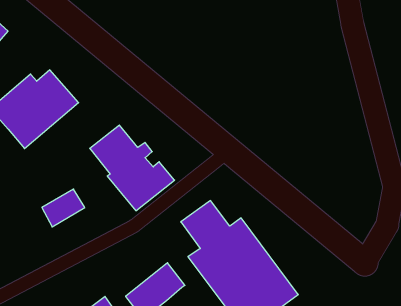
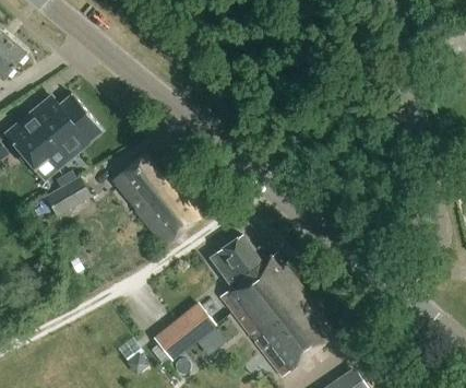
building: [42,189,85,227] -> [45,177,91,217]

